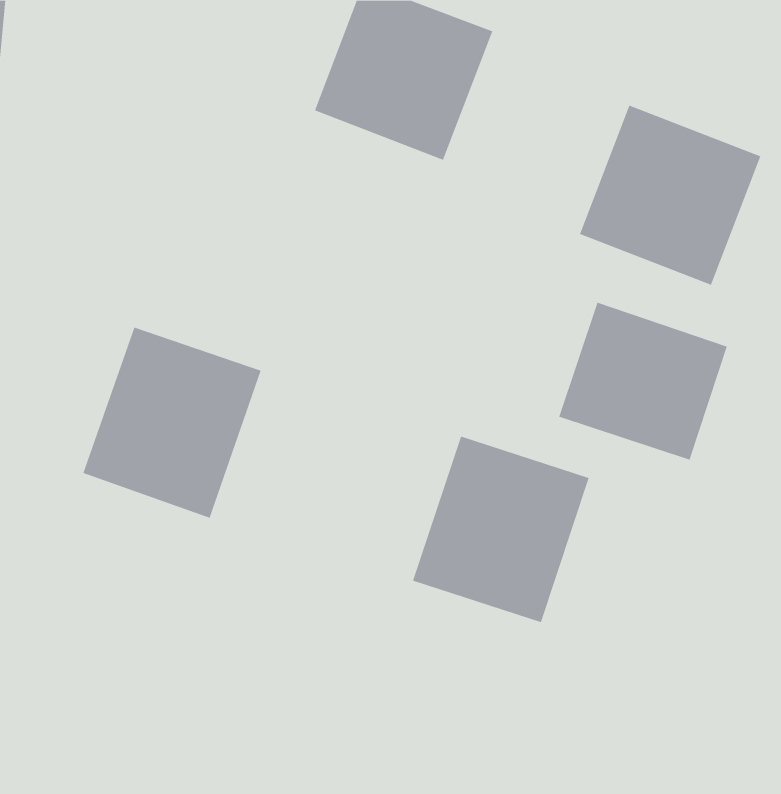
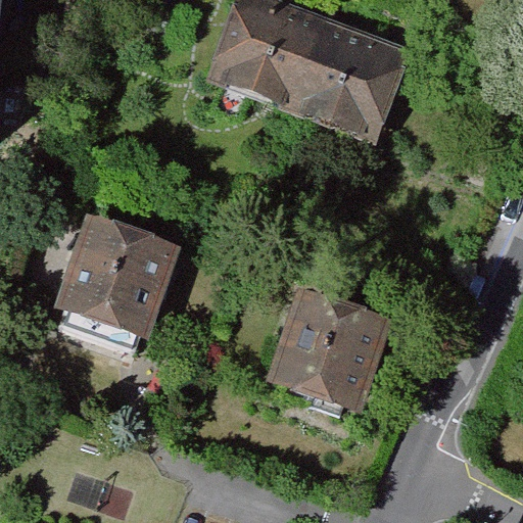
building: [579,105,761,286] -> [291,21,411,140]
building: [559,302,727,460] -> none

